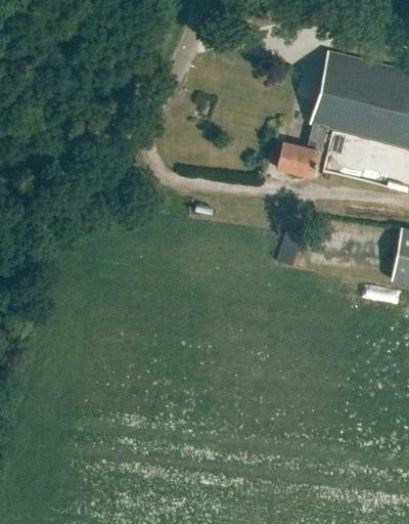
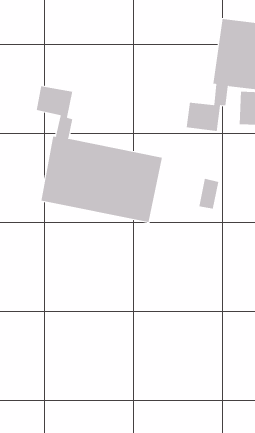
building: none -> [36,85,163,223]

